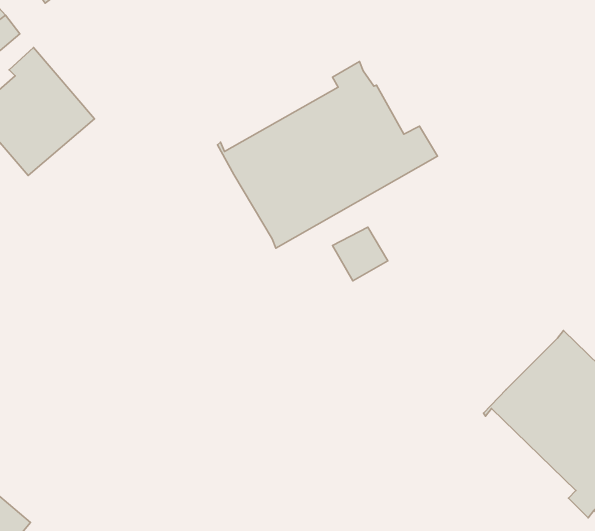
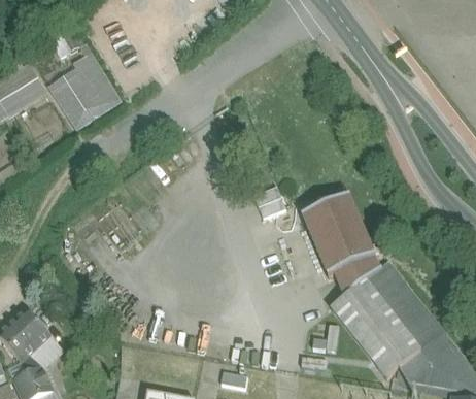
building: [217,62,438,248] -> none
building: none -> [301,193,381,293]

